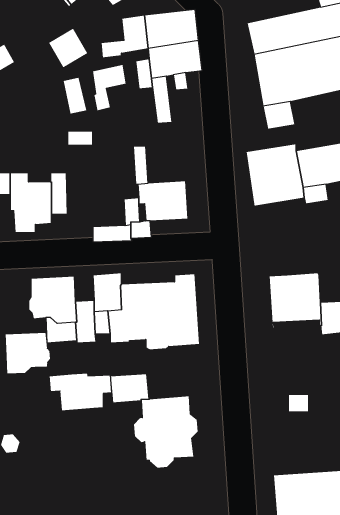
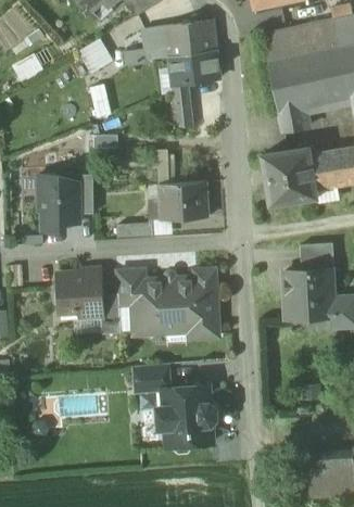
building: [92,64,126,111] -> none
building: none -> [300,242,333,270]
building: [5,332,51,374] -> none
building: [49,373,111,411] -> none

